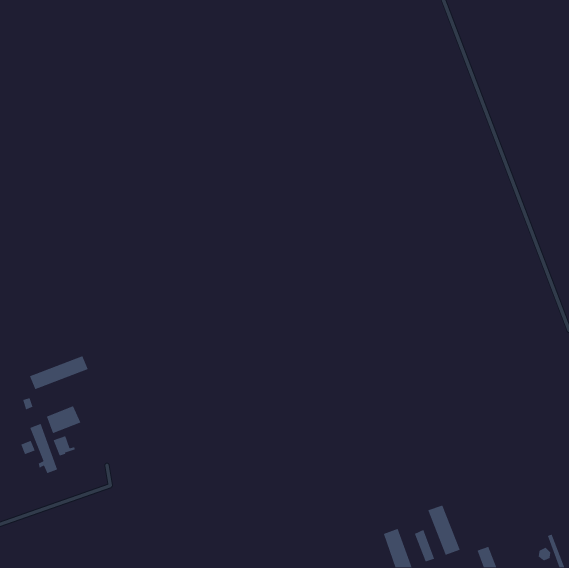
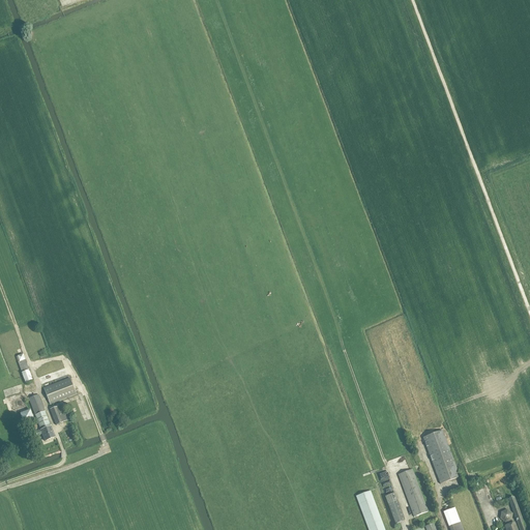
building: [29,355,89,390] -> none
building: none -> [421,429,459,482]

